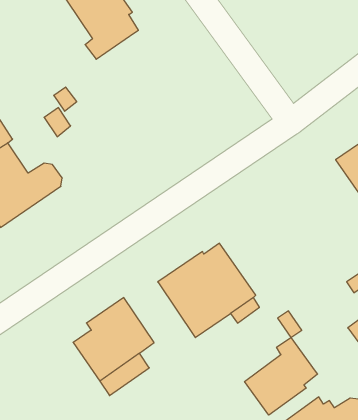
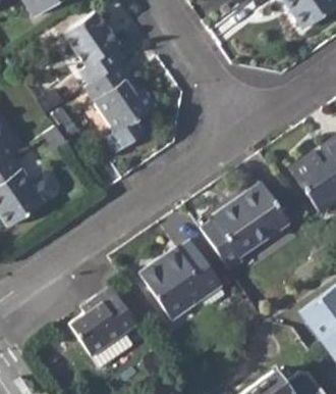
building: none -> [85,62,156,153]
building: none -> [203,182,292,268]
building: [245,338,318,415] -> none

